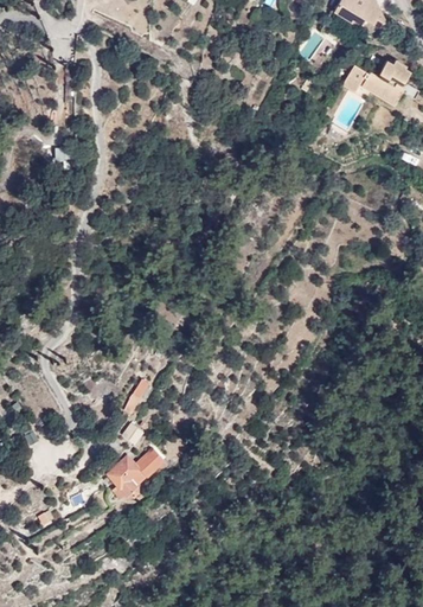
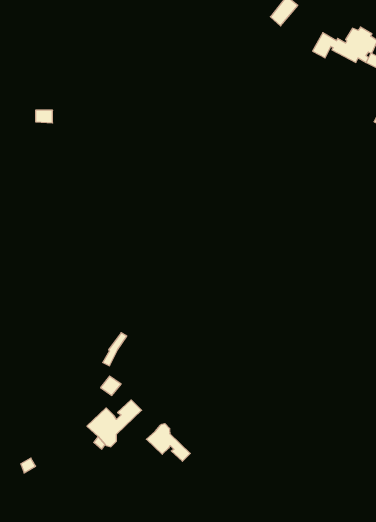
building: none -> [146,424,190,461]

